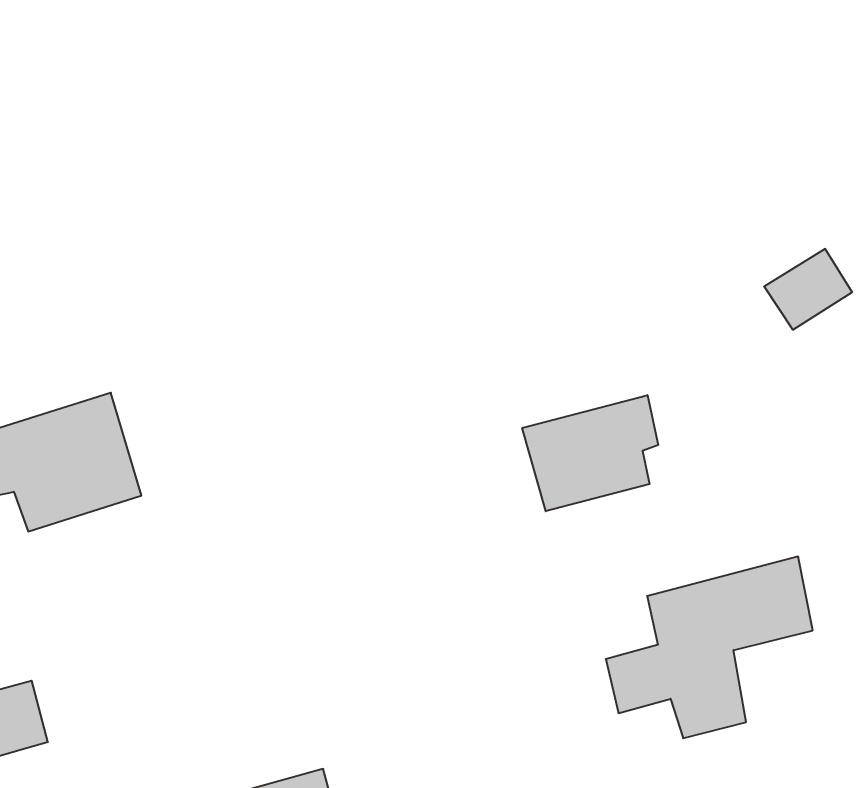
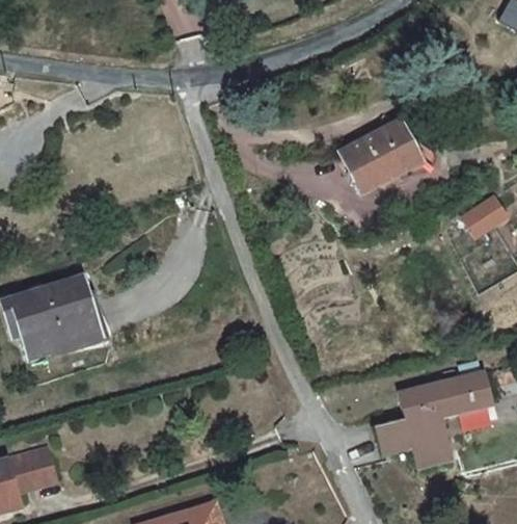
building: none -> [343,124,423,195]
building: [522,395,658,511] -> none

